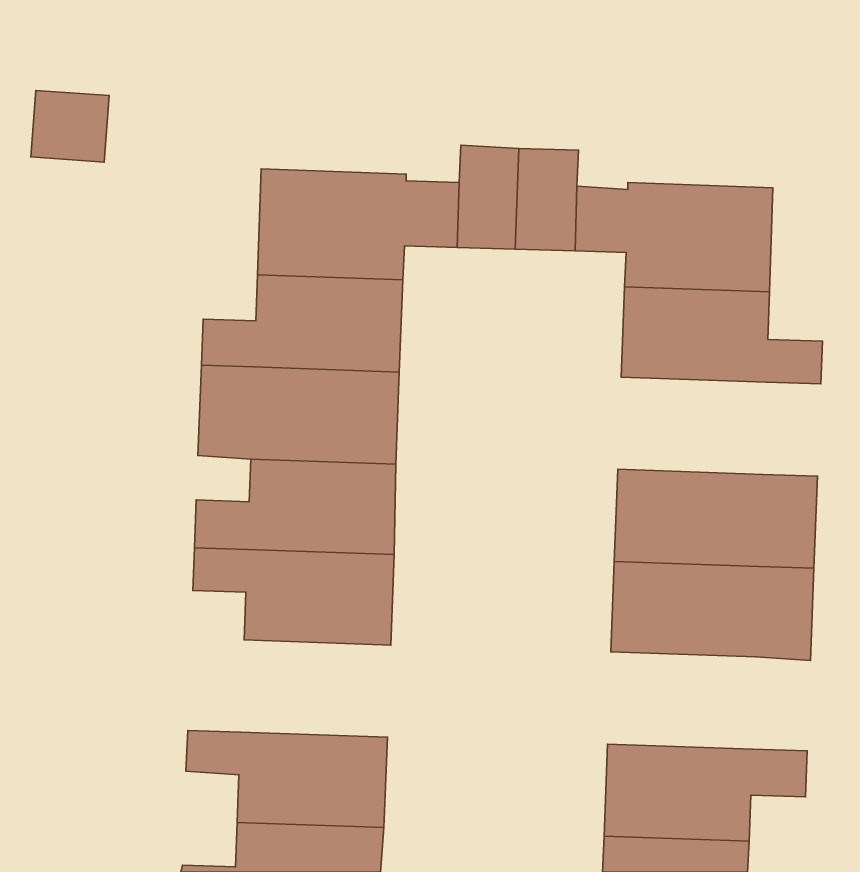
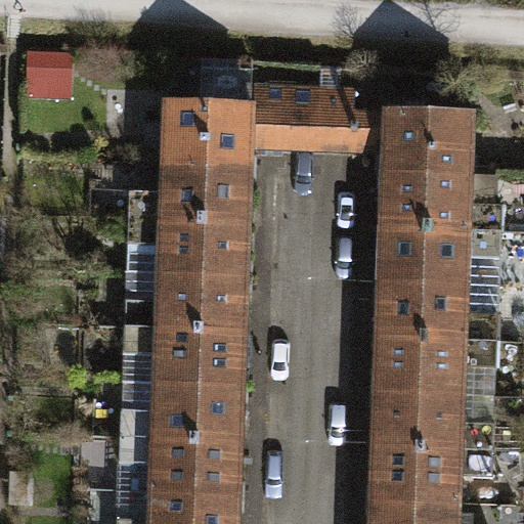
building: none -> [378,226,499,286]
building: none -> [120,384,242,442]
building: none -> [372,391,492,450]

